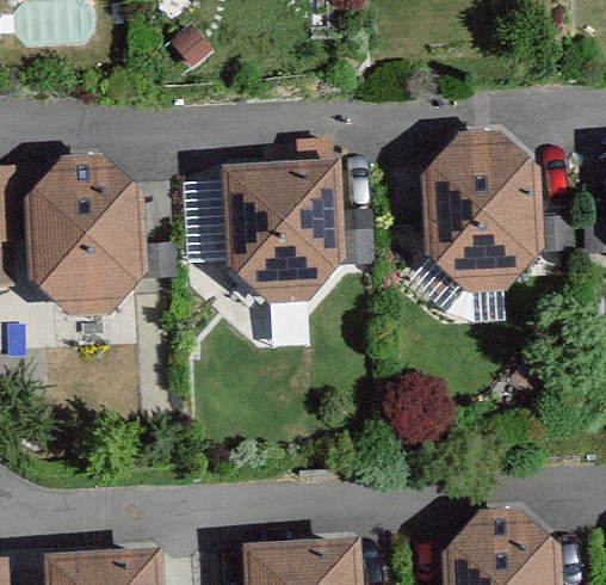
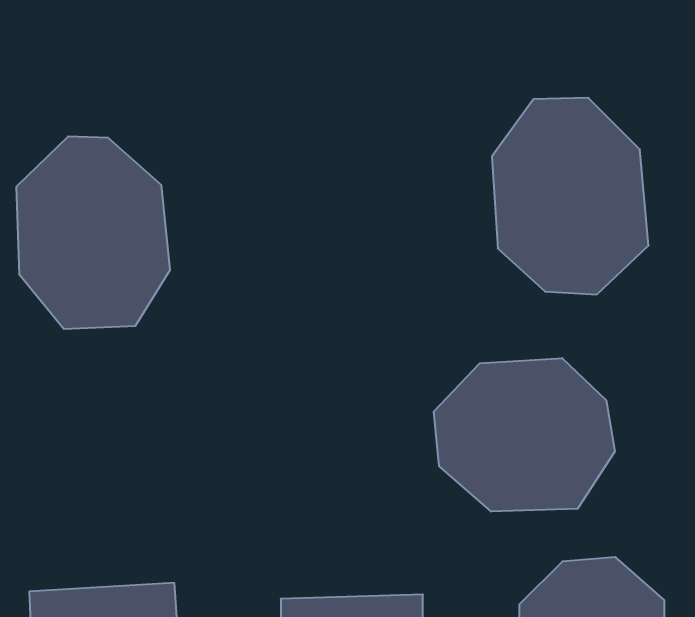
building: [221,165,342,301] -> none
building: none -> [434,358,615,512]

